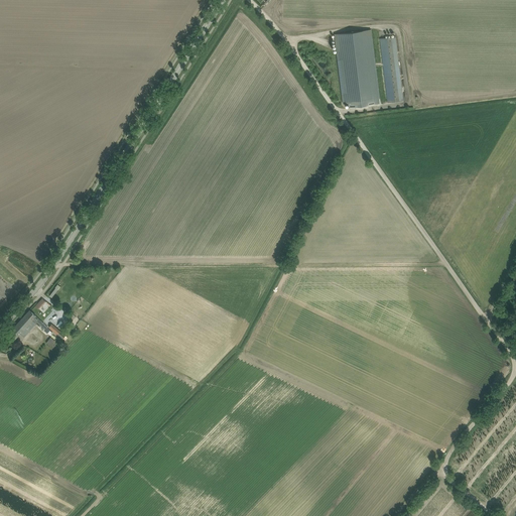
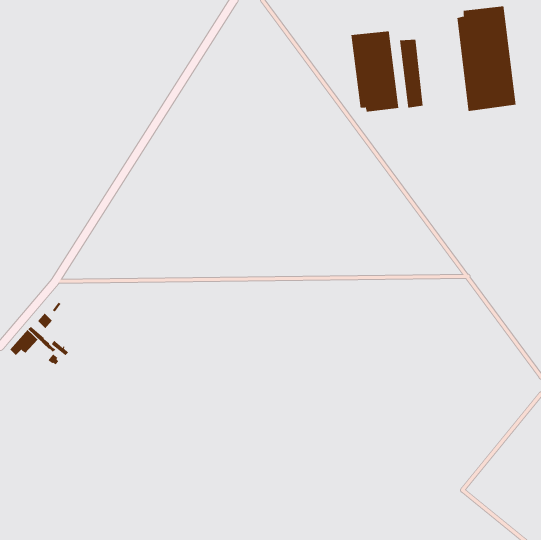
building: none -> [457,5,516,112]

